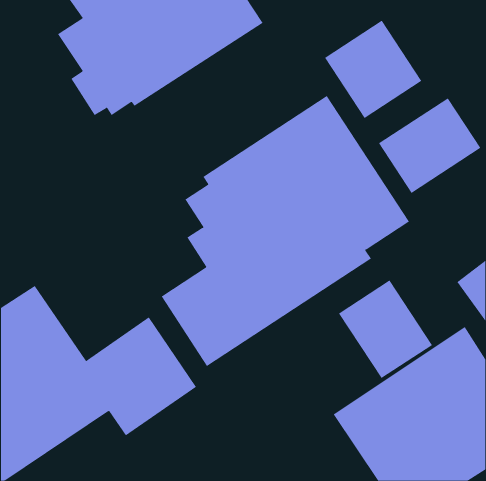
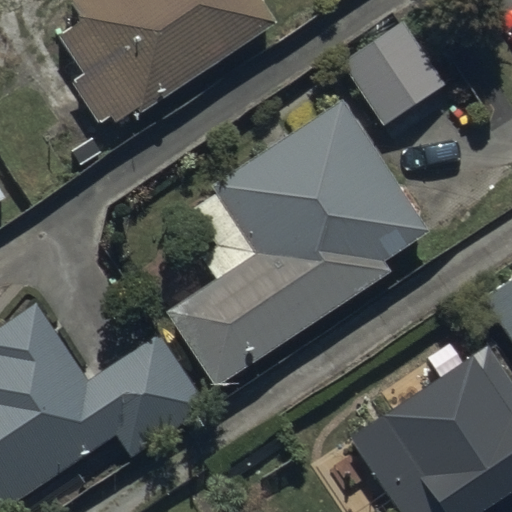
building: [378,97,481,194] -> none
building: [338,280,433,379] -> none

